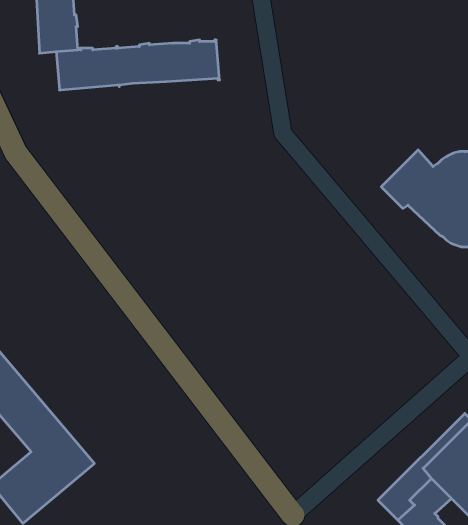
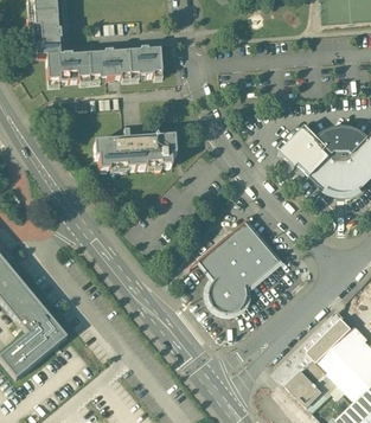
building: none -> [94,140,175,174]
building: none -> [190,218,279,315]

